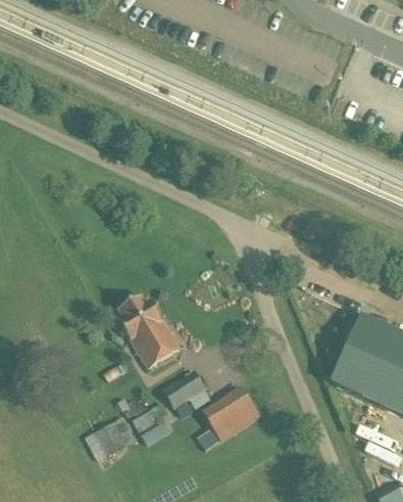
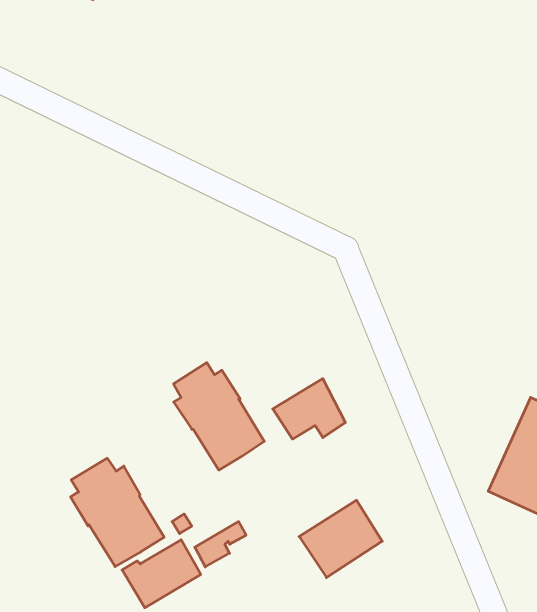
building: none -> [71,458,164,567]
building: [161,366,210,407] -> [273,379,345,439]

